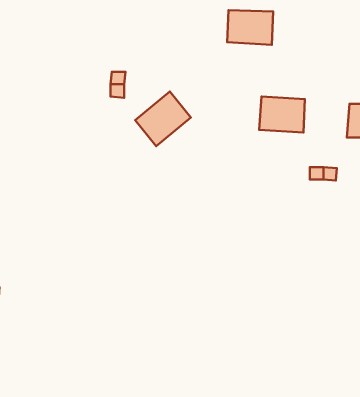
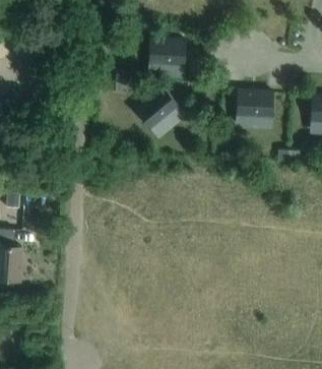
building: [227,10,273,45] -> [147,40,185,68]

